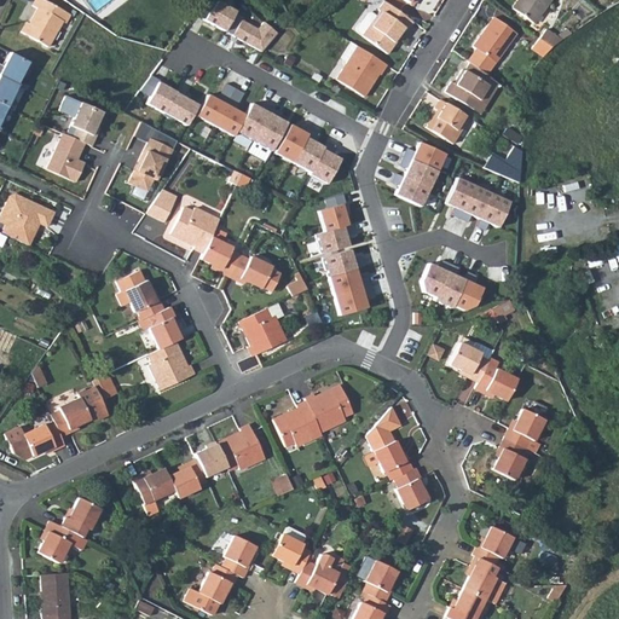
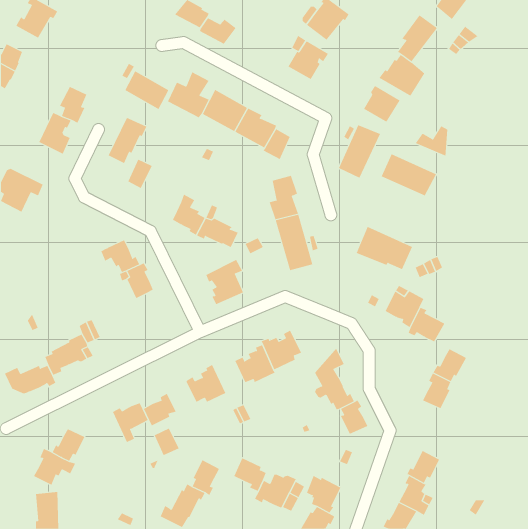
building: [172,207,220,251] -> none
building: [151,340,196,388] -> none
building: [201,445,231,478] -> [154,428,180,456]

